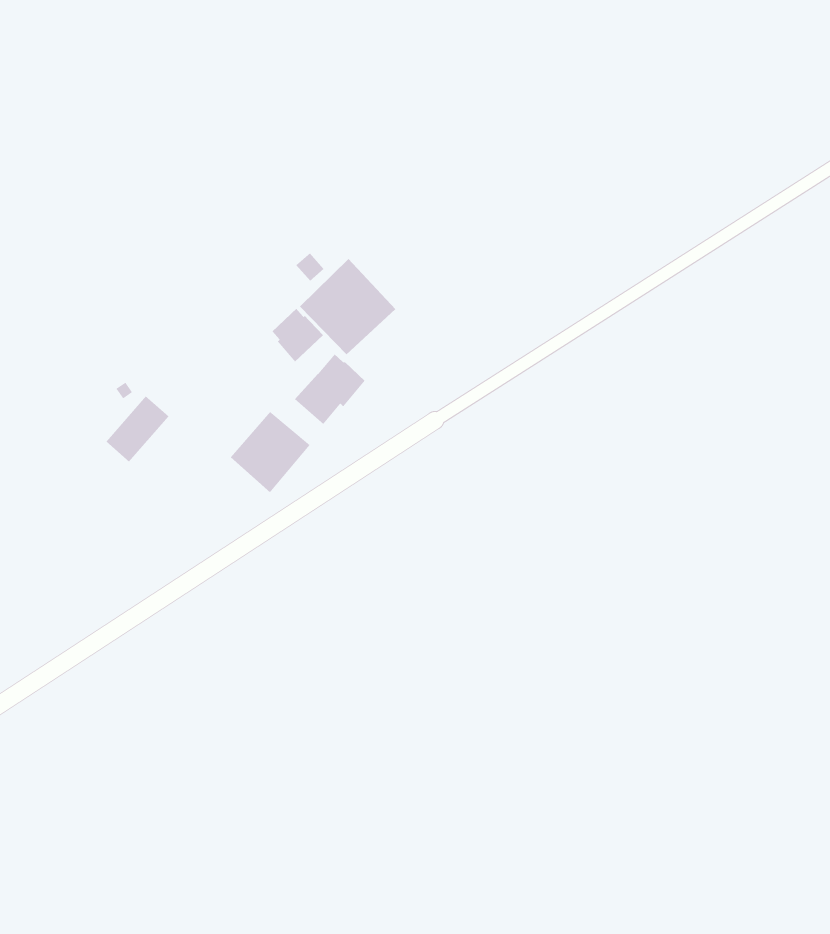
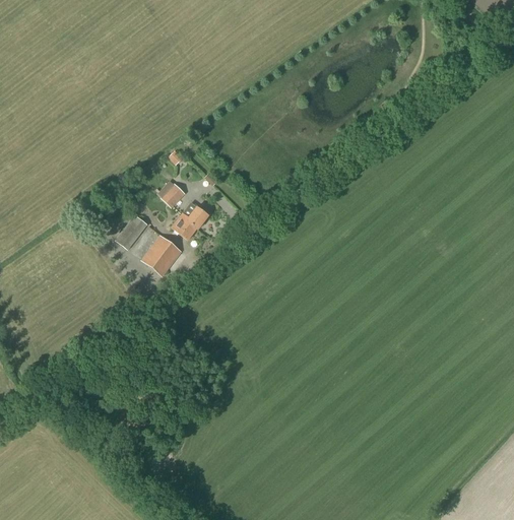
building: [299,258,396,355] -> none
building: [105,396,169,463] -> [116,214,148,250]

